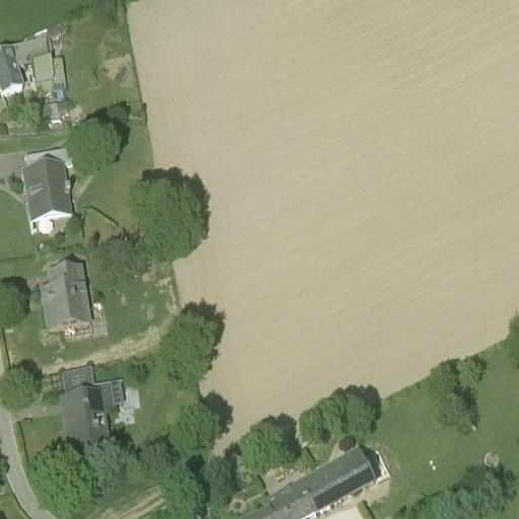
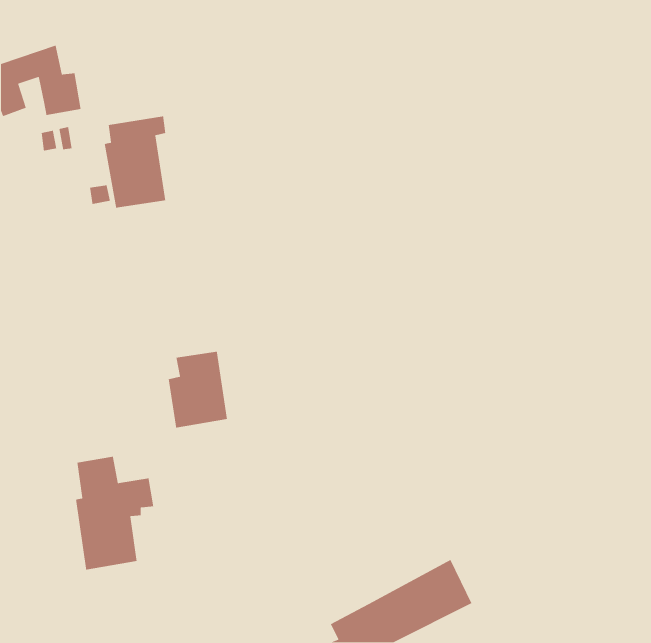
building: [21,148,71,222] -> [104,116,166,209]
building: [42,267,89,328] -> [168,351,228,428]

